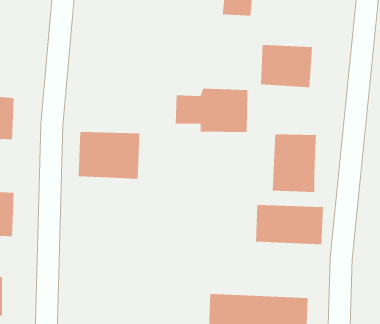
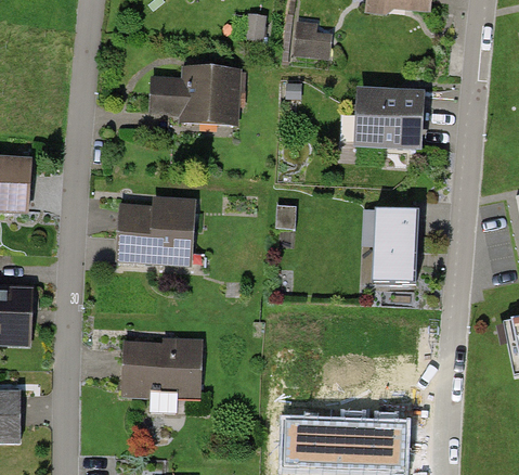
building: [175,88,248,133] -> [145,67,241,125]
building: [255,204,323,245] -> none
building: none -> [118,342,200,399]

